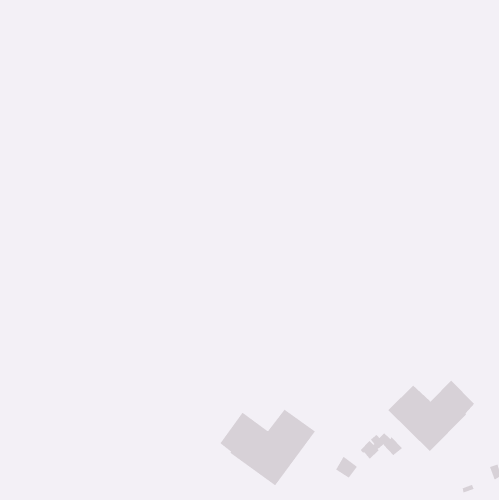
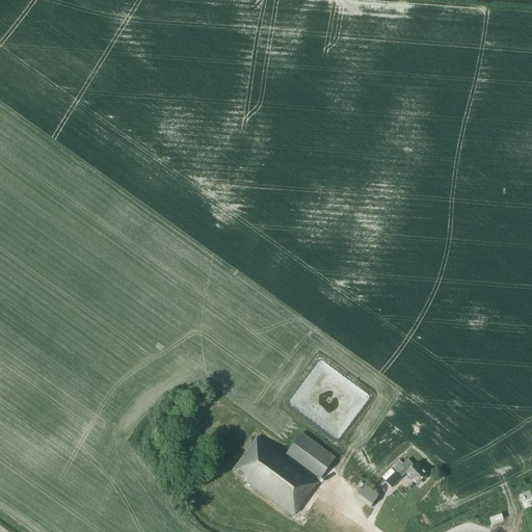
building: [388,380,475,452] -> none

